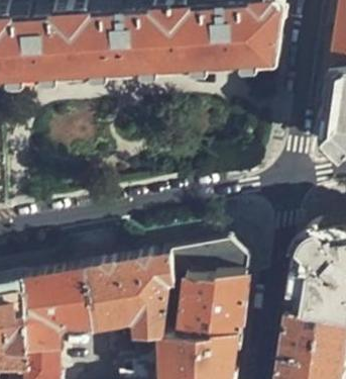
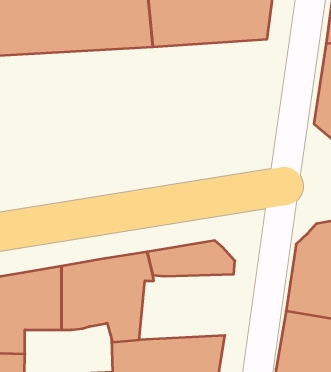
building: [179,277,246,336] -> none

